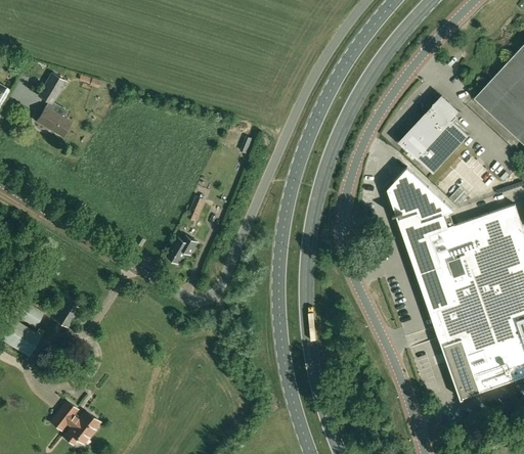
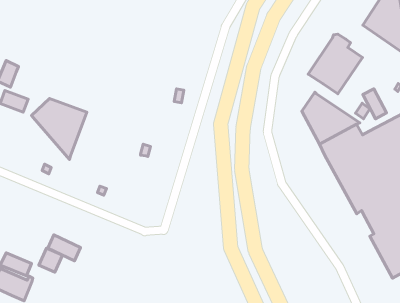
building: none -> [31,99,87,160]
building: none -> [363,89,387,119]
building: [167,236,198,265] -> none
building: none -> [48,235,81,261]

